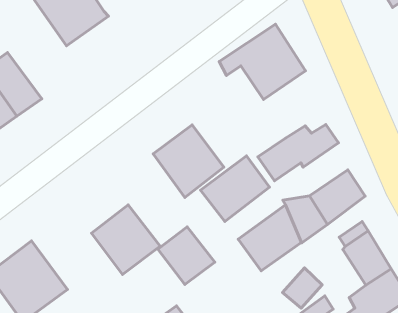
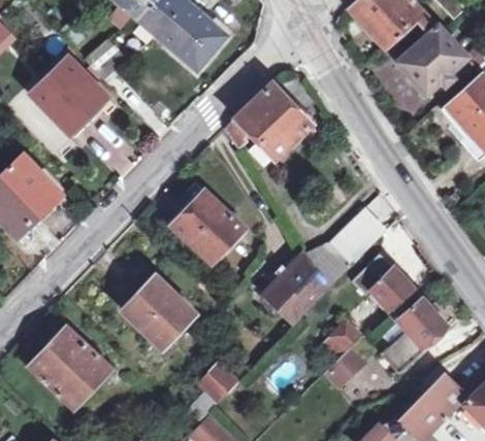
building: [258,124,338,181] -> none
building: [201,156,270,221] -> none
building: [158,227,215,285] -> none

